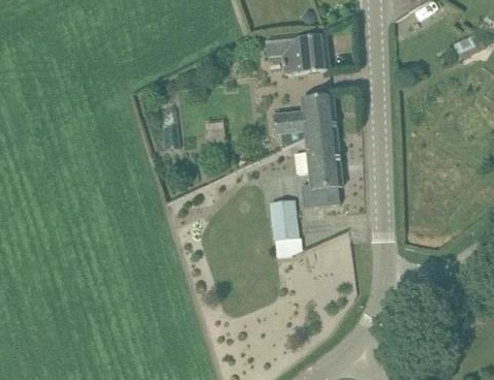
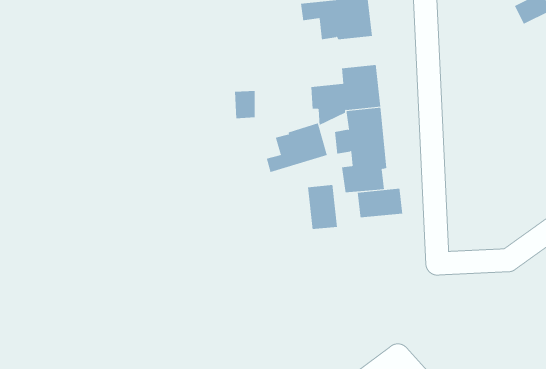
building: none -> [266,123,327,173]
building: none -> [357,188,403,218]

